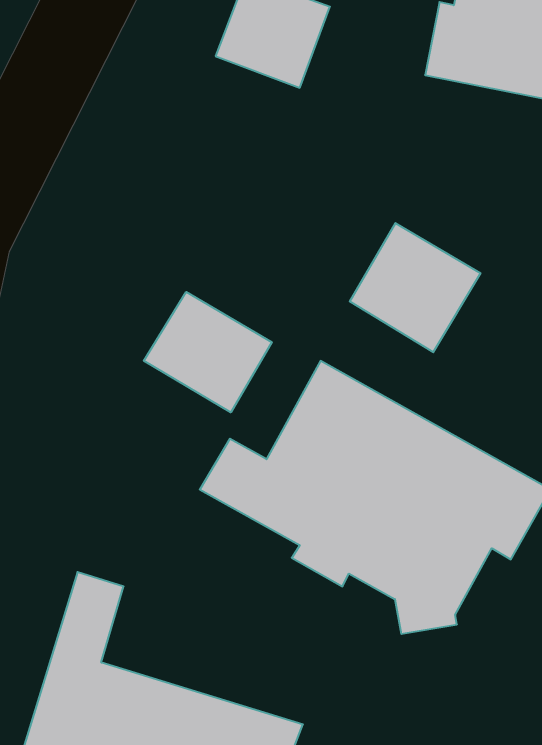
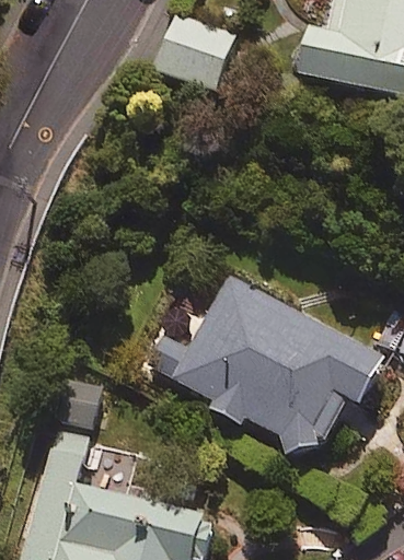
building: [350,223,480,352] -> none
building: [144,292,272,412] -> none

